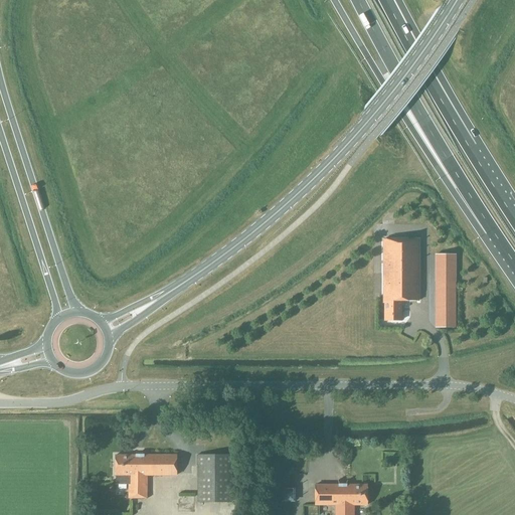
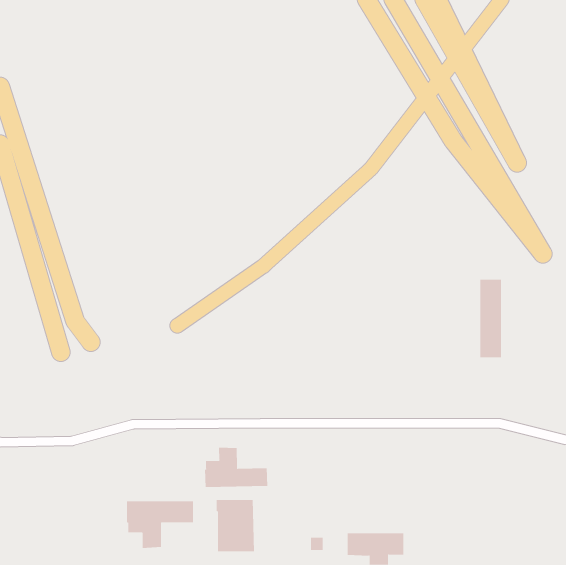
building: [383,238,418,320] -> none
building: none -> [205,447,268,488]

